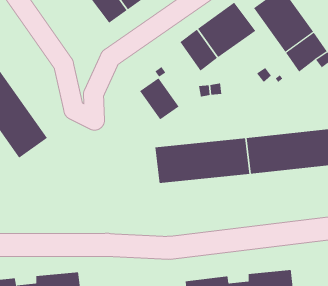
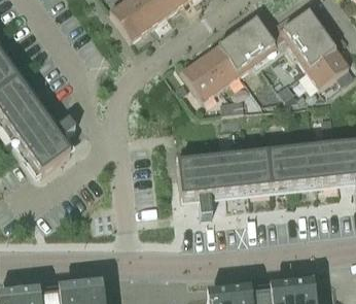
building: [139,78,179,120] -> [182,57,222,99]

